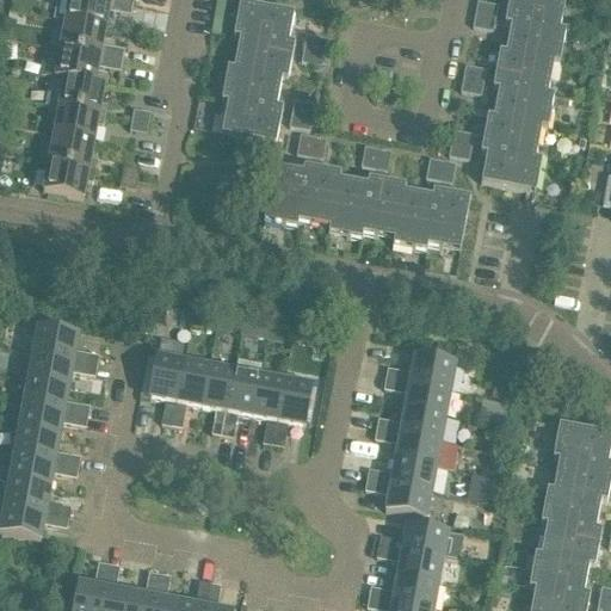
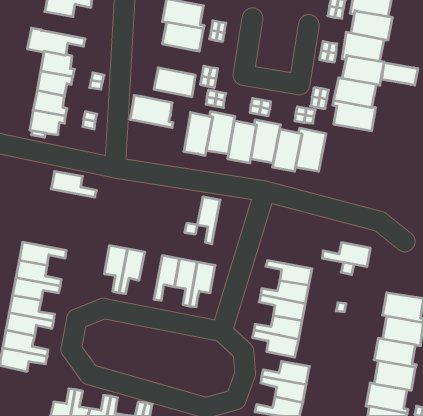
building: [60,17,124,56] -> none
building: [221,62,283,109] -> [130,95,173,128]
building: none -> [382,62,418,85]
building: [32,325,98,362] -> [51,171,97,197]
building: [385,353,455,388] -> [322,243,370,267]
building: [200,364,234,432] -> [197,197,220,244]

